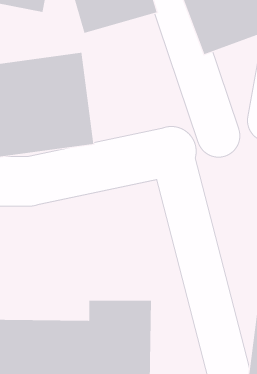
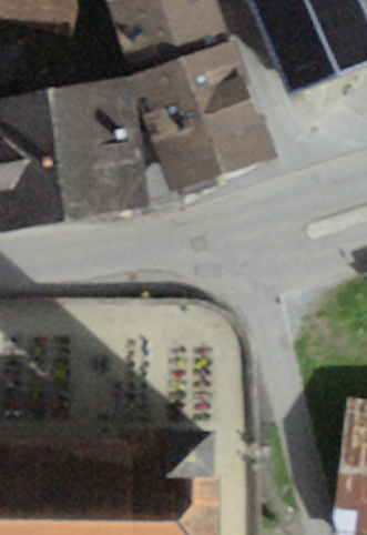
building: none -> [132,48,276,206]

